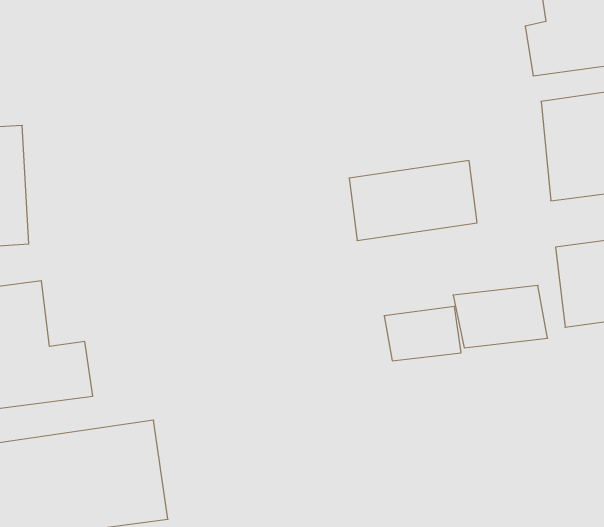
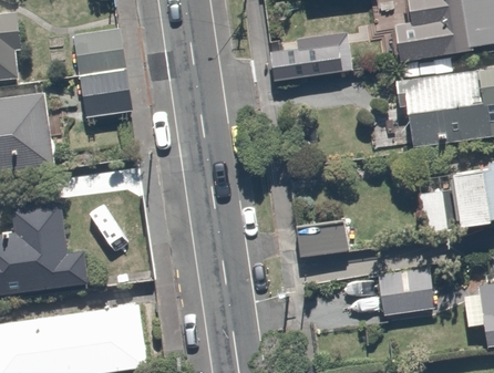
building: none -> [73,29,132,120]
building: [349,161,477,241] -> [271,24,360,80]
building: [453,285,548,348] -> [371,273,436,317]

